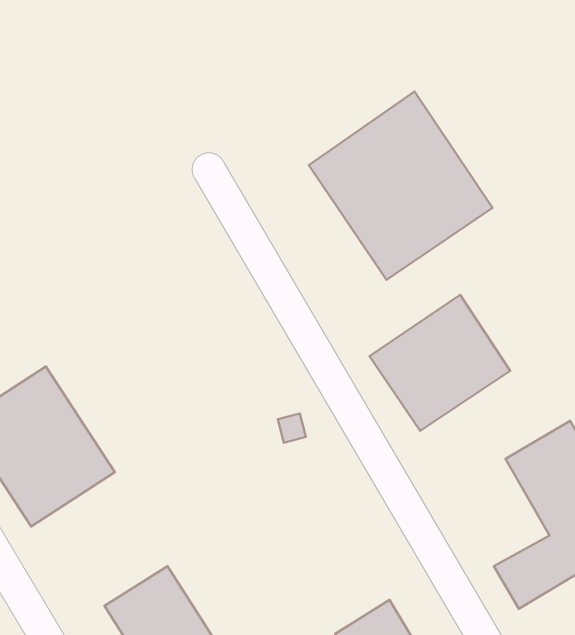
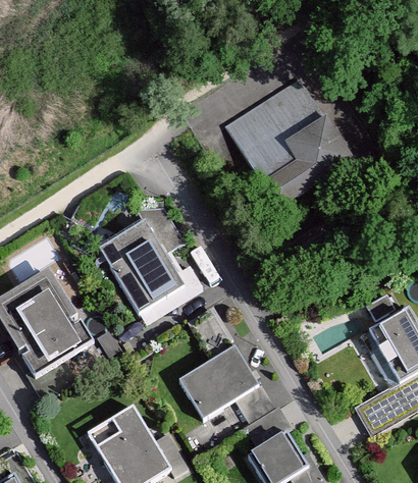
building: none -> [99,210,186,310]
building: [370,295,510,431] -> none
building: none -> [177,345,256,419]

